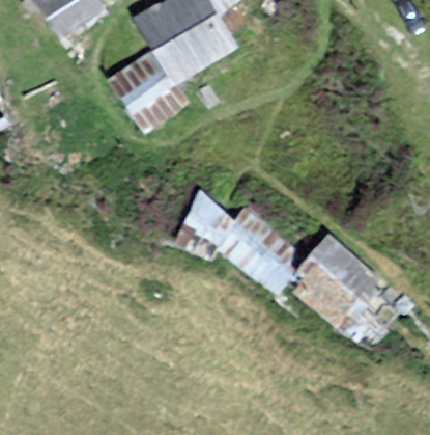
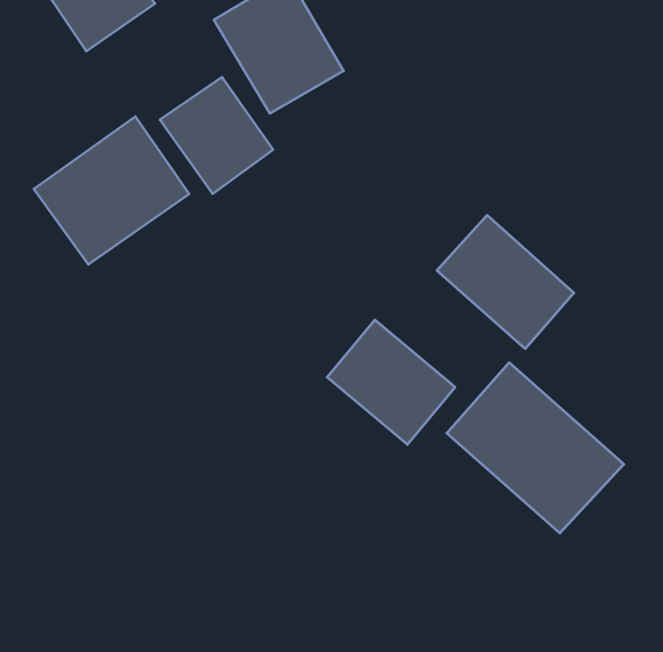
building: none -> [34,117,189,264]
building: none -> [437,215,574,349]

